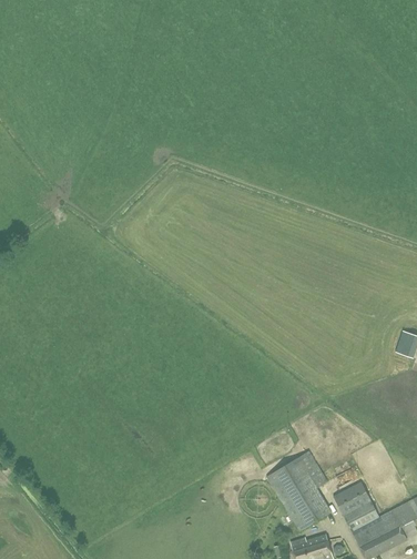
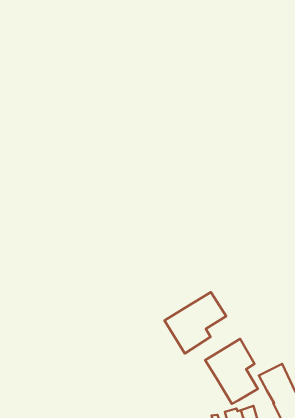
building: none -> [165,292,226,354]

